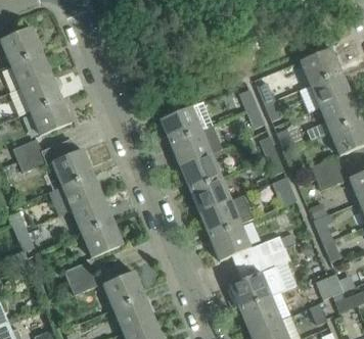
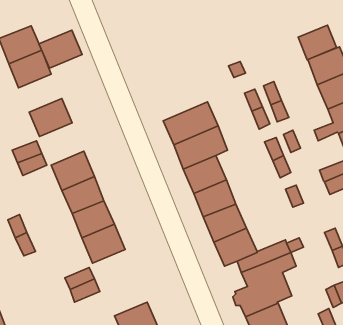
building: none -> [298,25,337,60]
building: [19,74,61,110] -> [39,30,82,68]
building: [102,271,144,307] -> none

